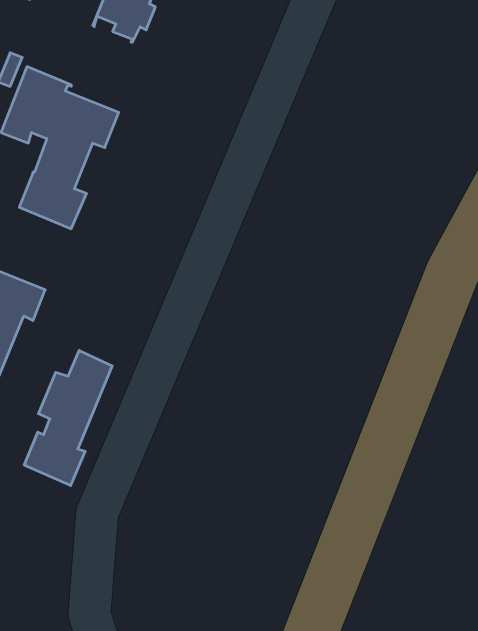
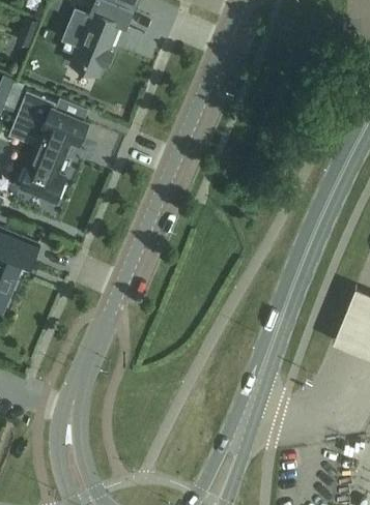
building: [24,350,112,486] -> none

